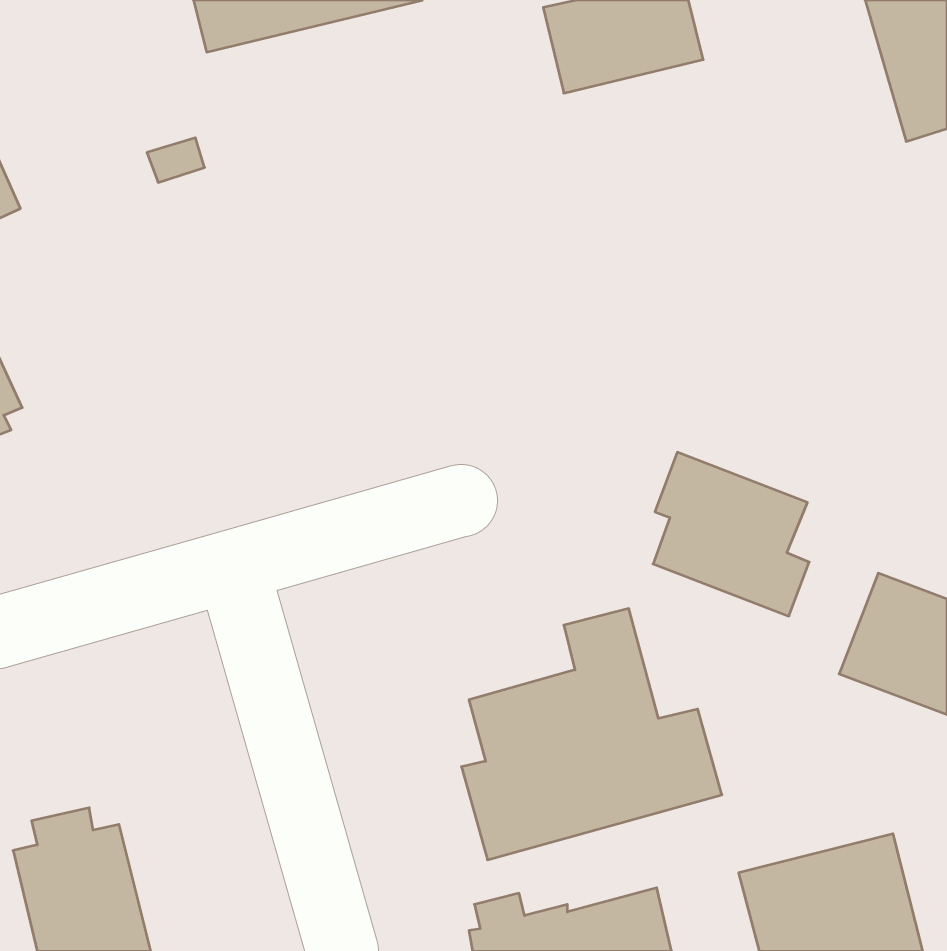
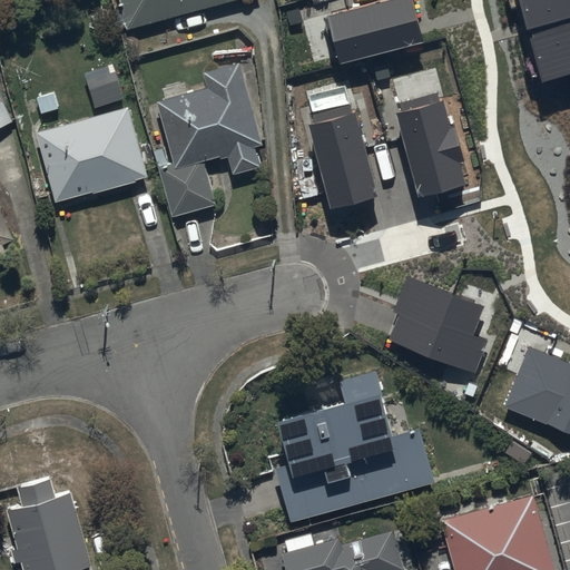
building: none -> [156,63,263,220]
building: none -> [396,100,463,196]
building: none -> [35,110,147,204]
building: none -> [308,110,377,207]

